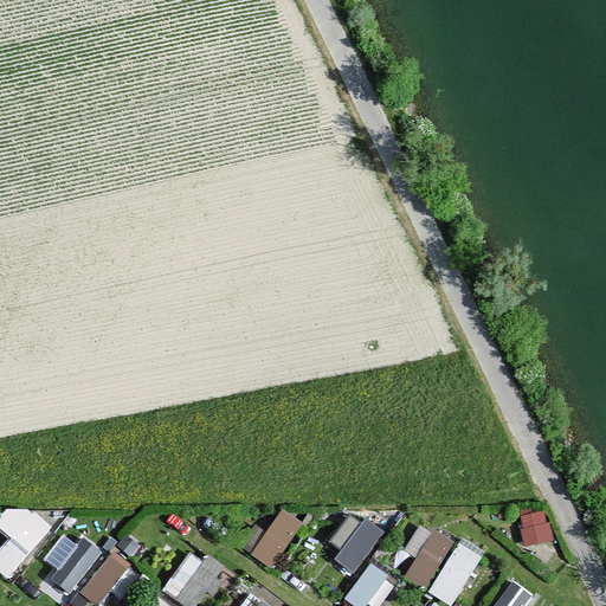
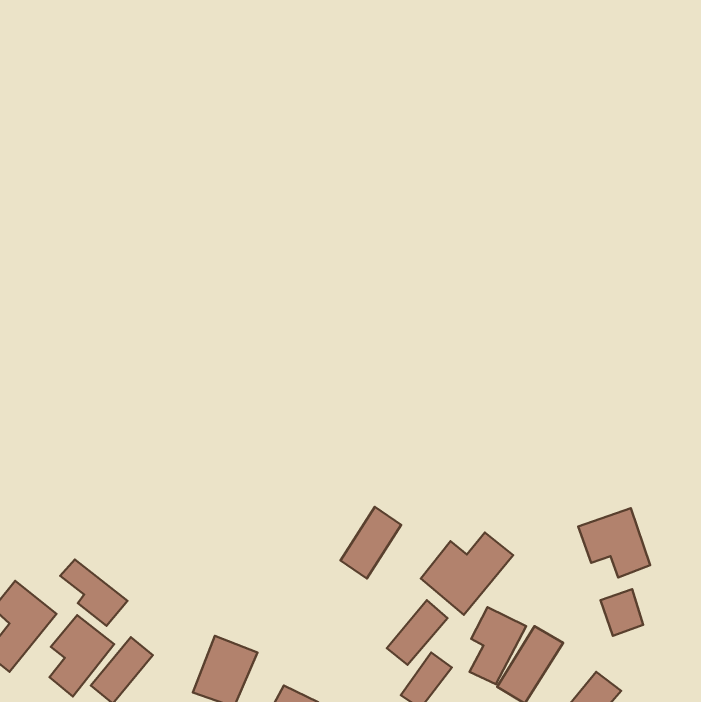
building: none -> [578,508,650,578]
building: none -> [421,533,513,615]
building: none -> [60,559,127,626]
building: [251,508,303,569] -> [341,507,401,579]

